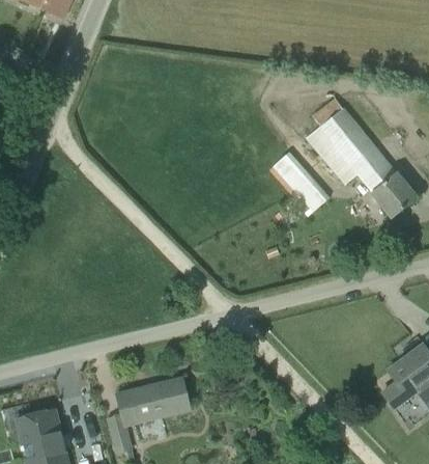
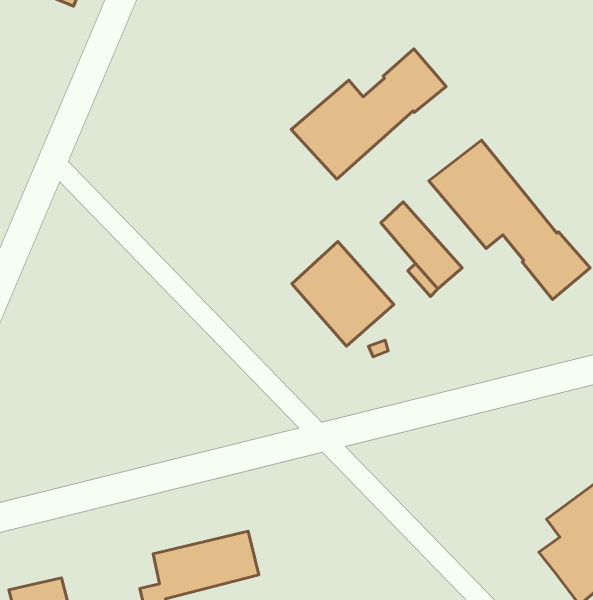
building: none -> [291,49,446,179]
building: none -> [292,242,394,346]

